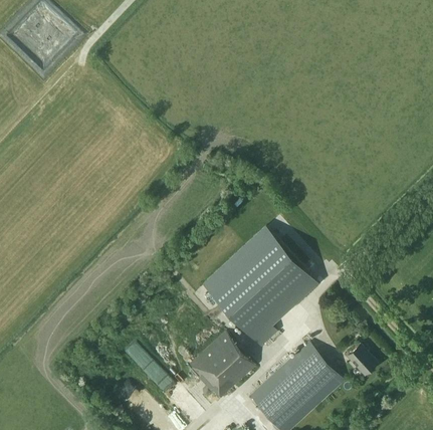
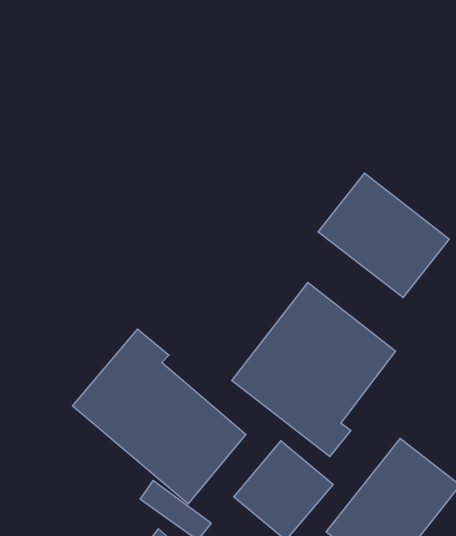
building: none -> [318,173,449,298]
building: none -> [73,329,246,504]

